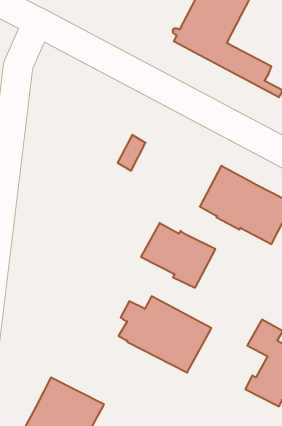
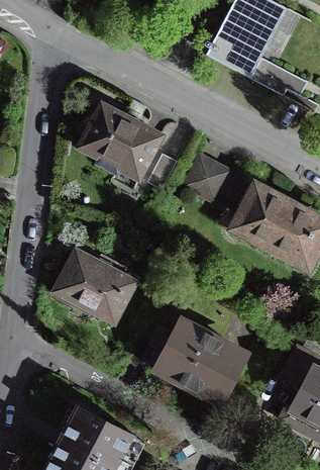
building: none -> [80,104,162,178]
building: none -> [185,156,229,200]
building: [141,223,215,288] -> [58,254,135,321]

